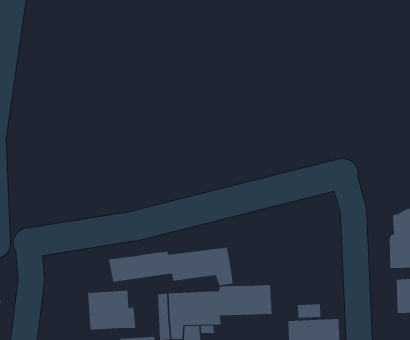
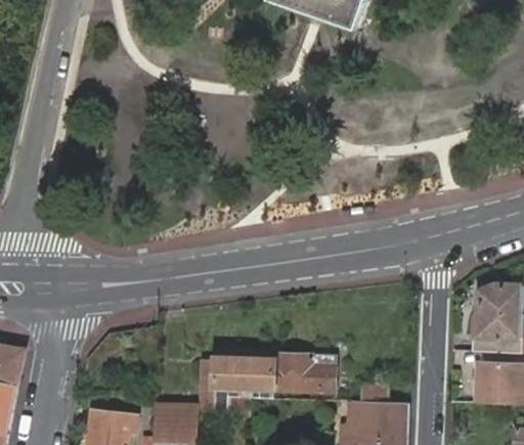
building: [108,247,233,286] -> none
building: [87,290,136,330] -> none

